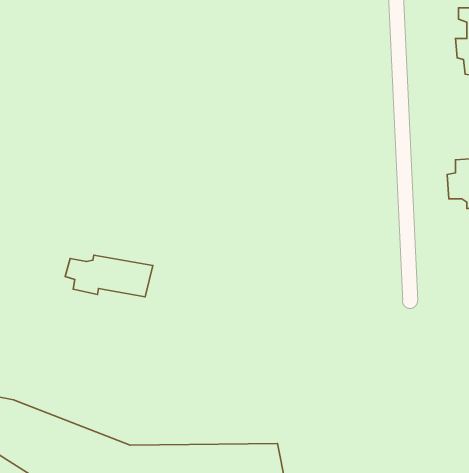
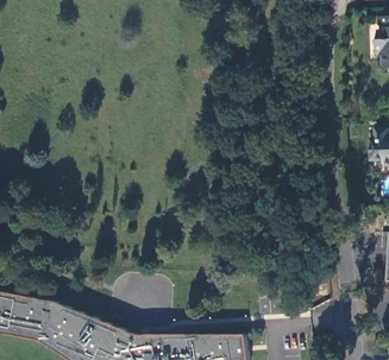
building: [65,255,153,297] -> none

